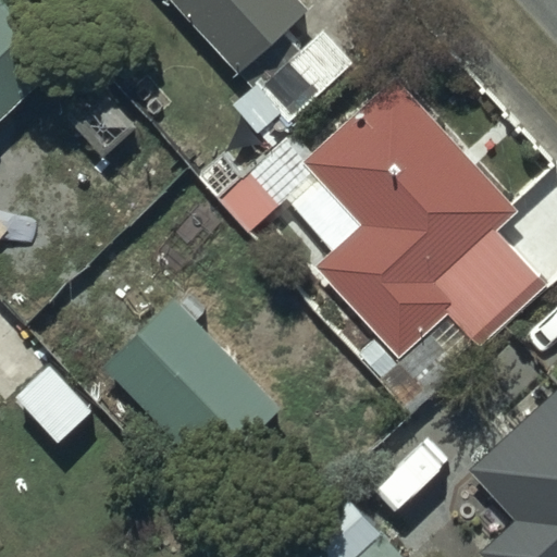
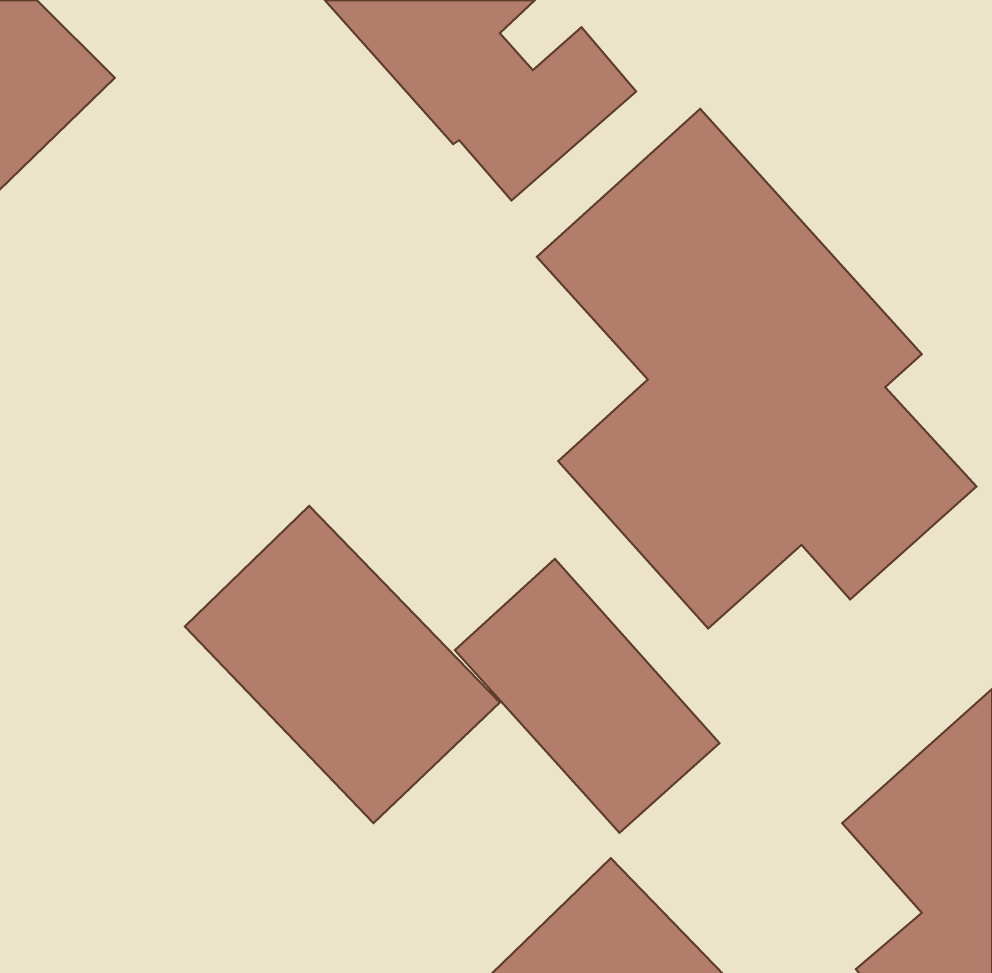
building: none -> [455,559,720,833]

